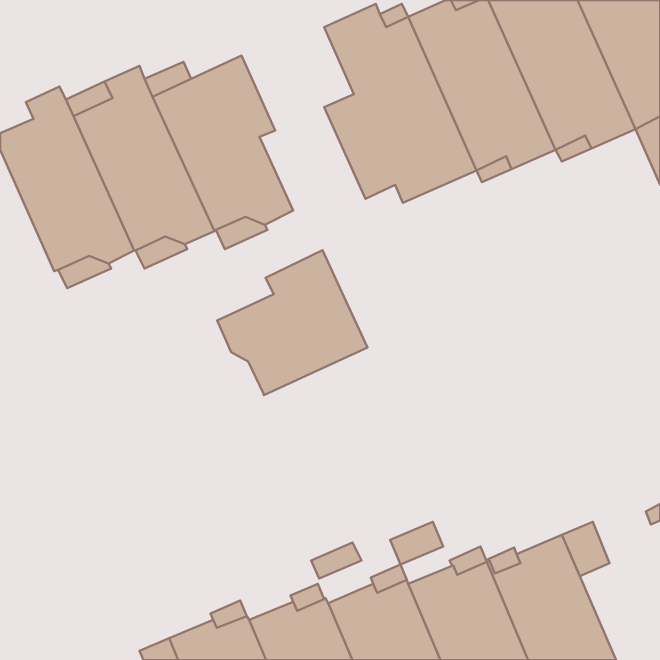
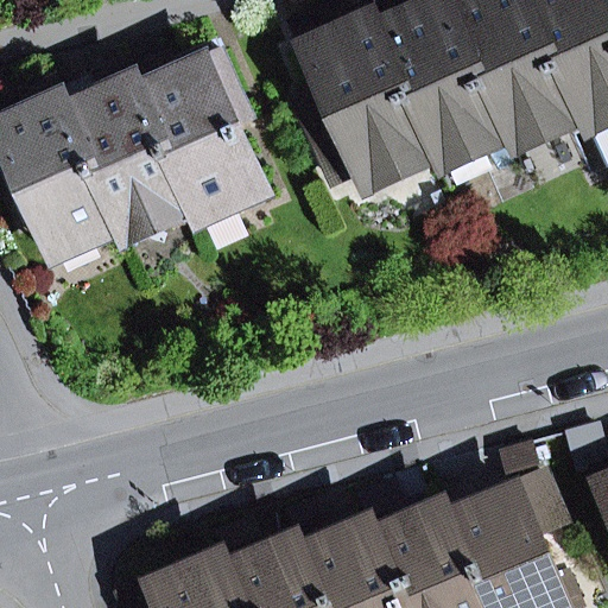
building: [217,250,367,395] -> none

